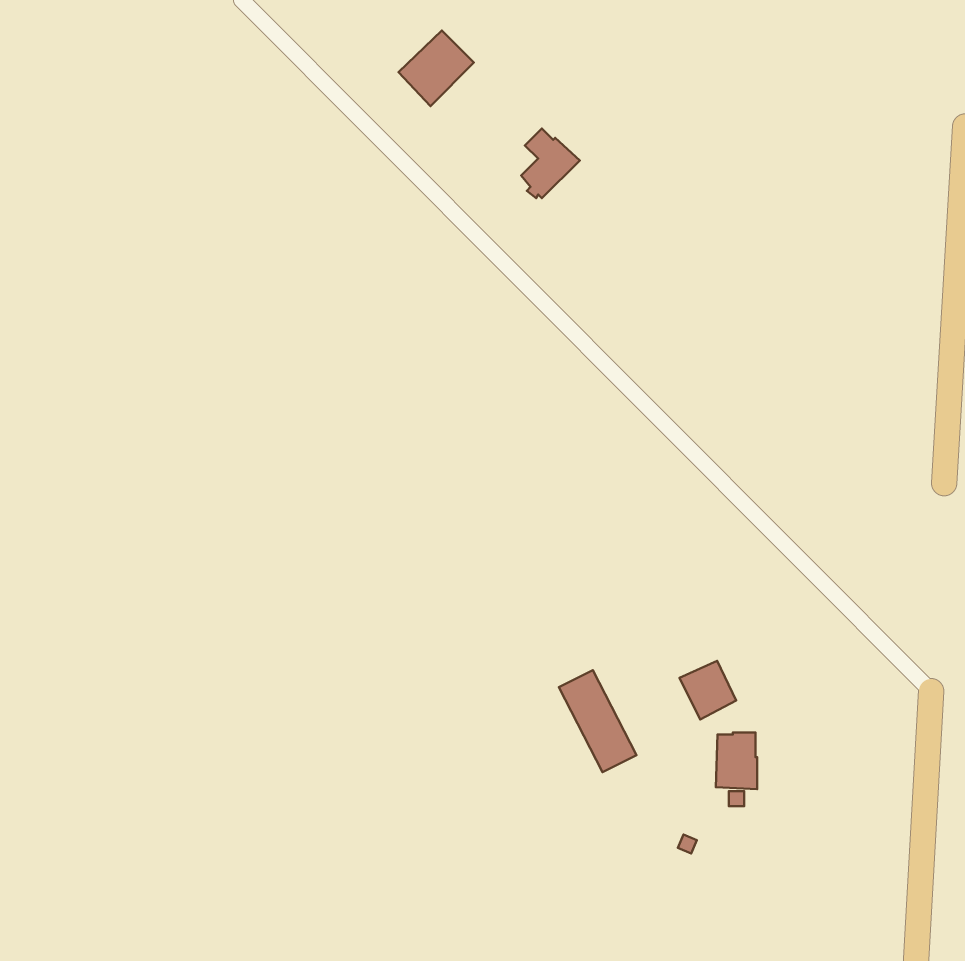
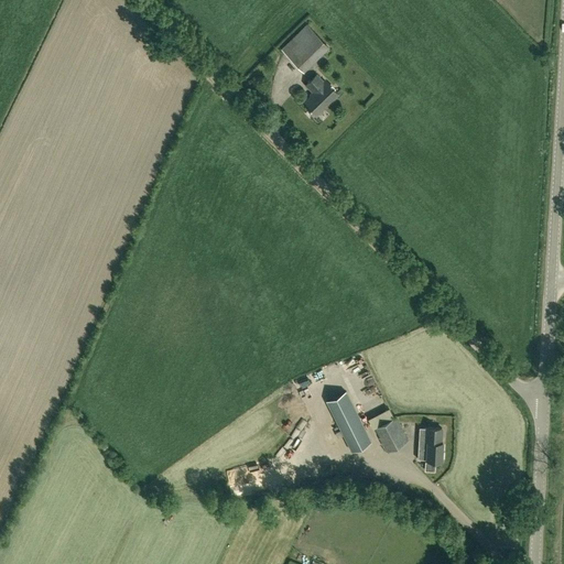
building: [398,30,474,106] -> [282,26,326,70]
building: [679,661,736,719] -> [375,420,408,454]

